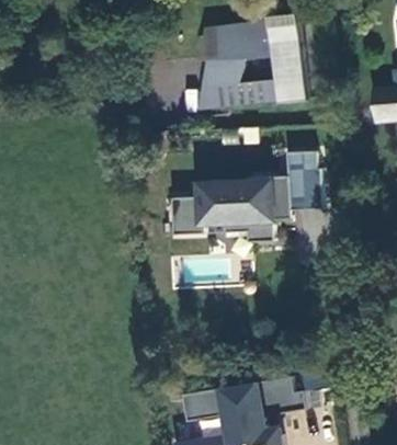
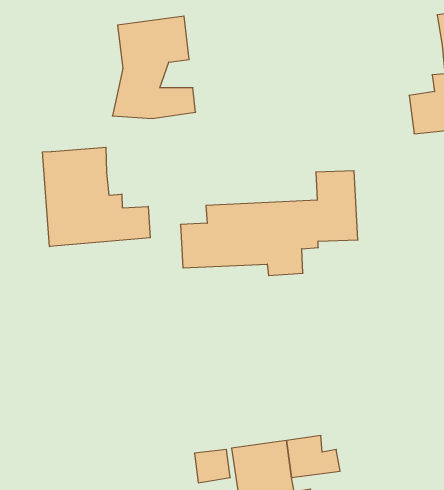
building: [265,13,313,103] -> none
building: [198,20,270,107] -> [112,16,196,118]
building: none -> [43,147,150,247]

